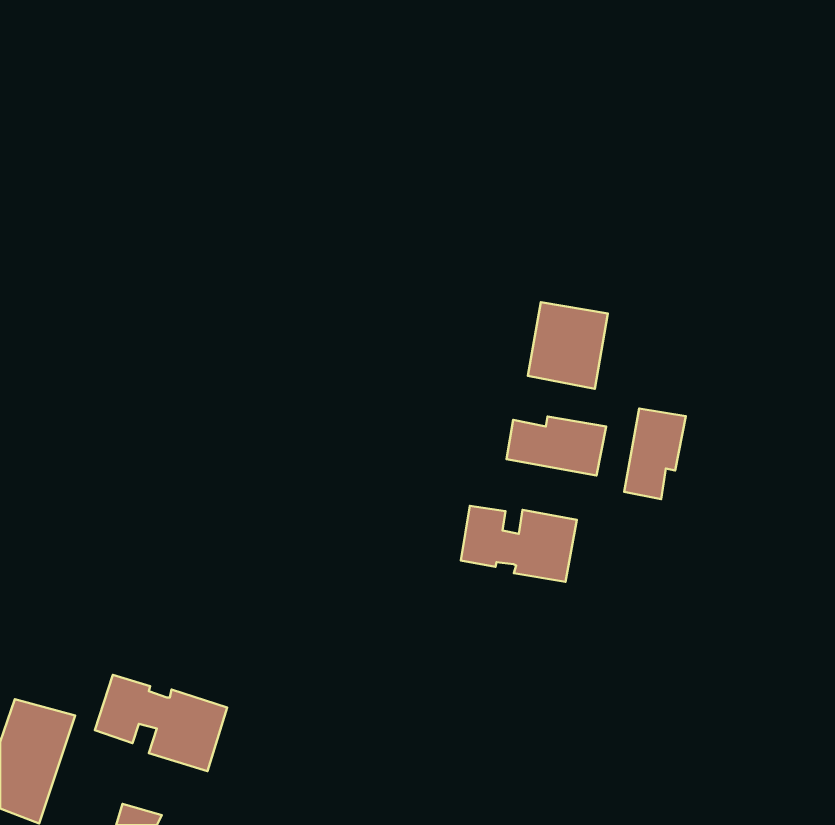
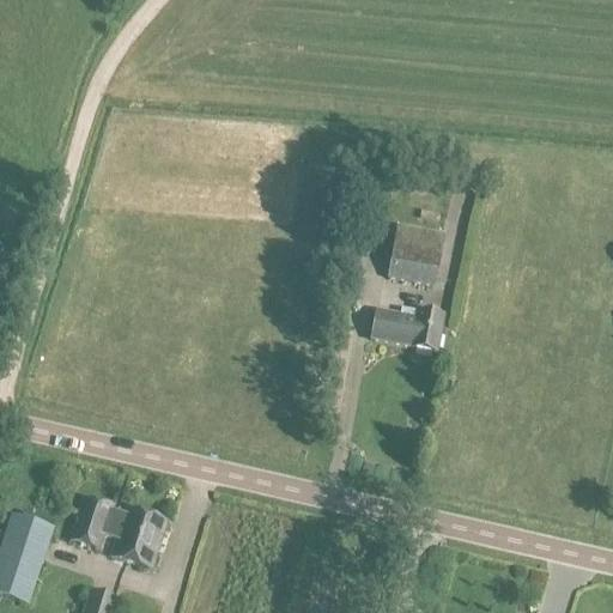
building: [624,408,686,499] -> none
building: [461,506,577,582] -> none

